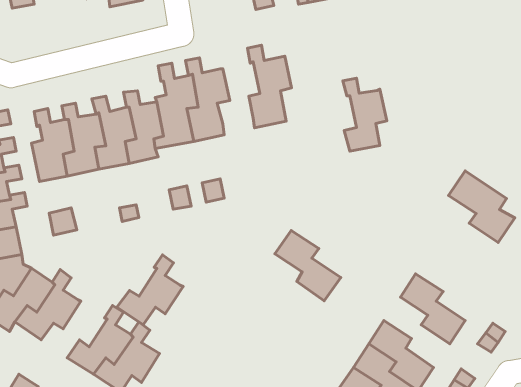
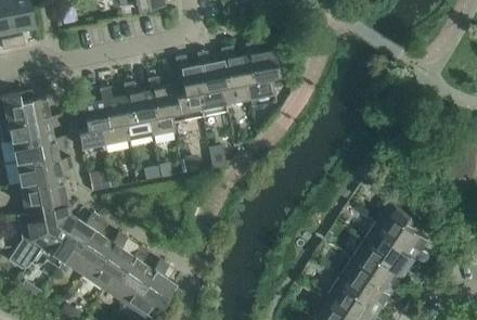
building: [343,78,387,151] -> [220,46,255,103]
building: [449,171,515,242] -> [377,202,429,258]
building: [275,231,341,301] -> [352,240,404,295]
building: [117,255,183,325] -> [82,232,134,287]

